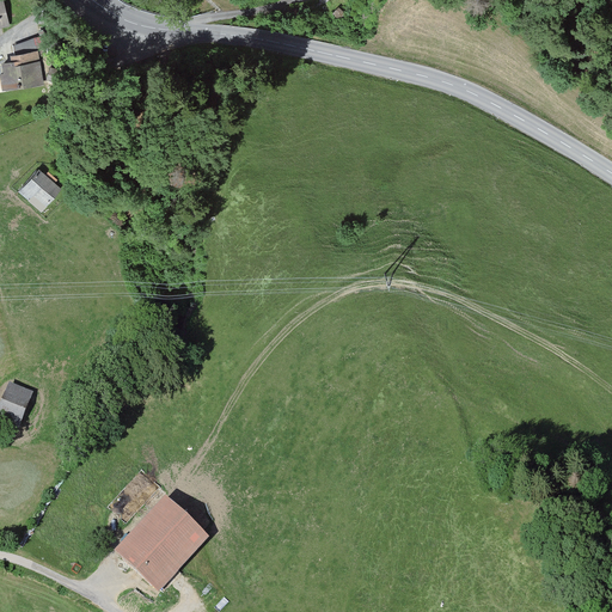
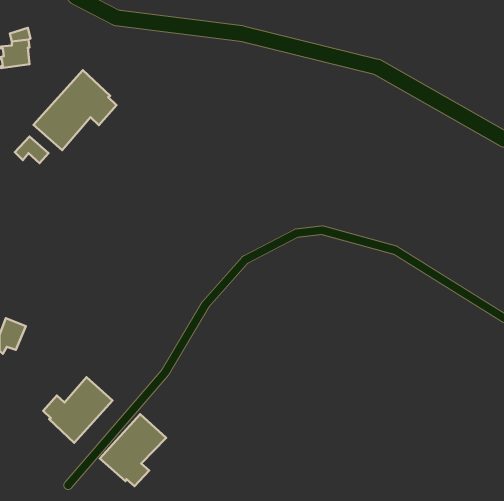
building: none -> [34,70,116,150]
building: none -> [43,377,113,443]

